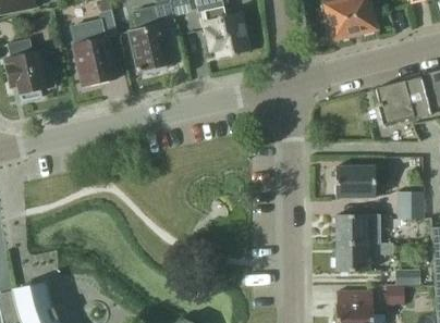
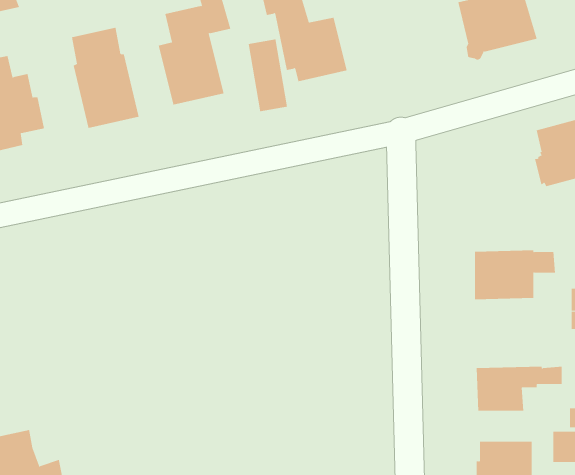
building: [337,211,382,244] -> none

